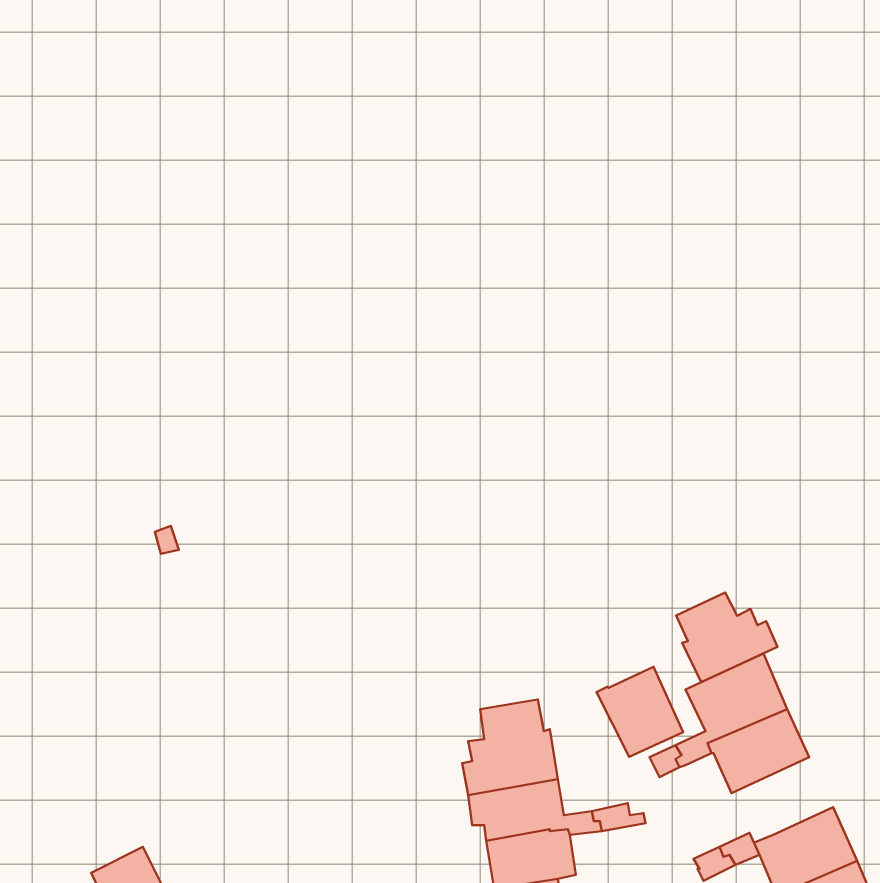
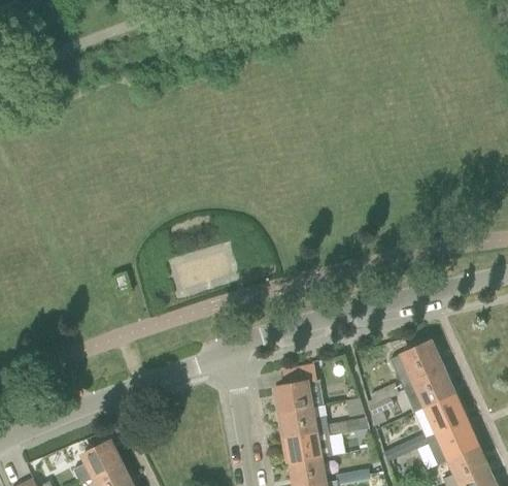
building: [676,593,778,682] -> none
building: [596,667,683,757] -> none
building: none -> [413,394,466,434]

